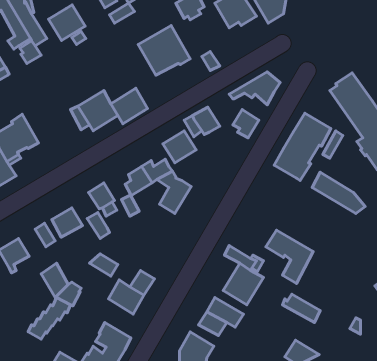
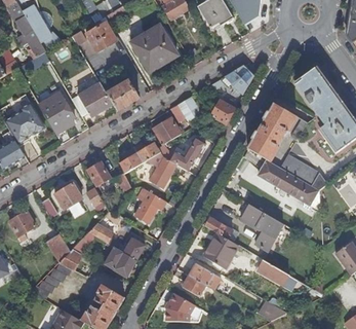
building: [48,5,85,40] -> [85,22,117,52]
building: none -> [39,93,74,134]
building: none -> [168,138,205,171]
building: none -> [260,158,320,209]
building: none -> [134,191,165,224]

